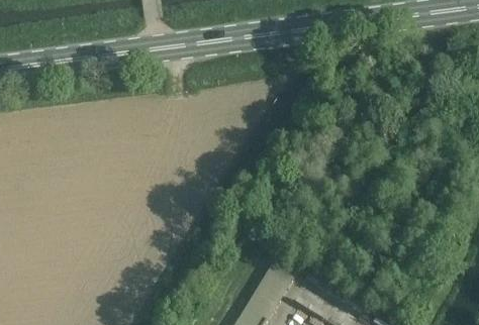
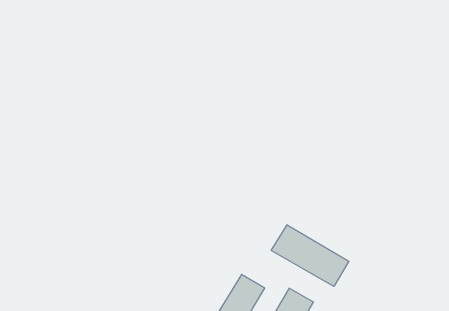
building: none -> [271,225,349,286]

